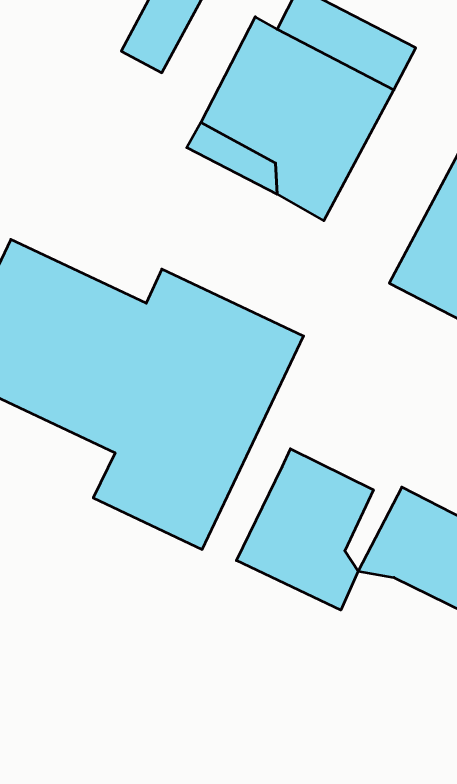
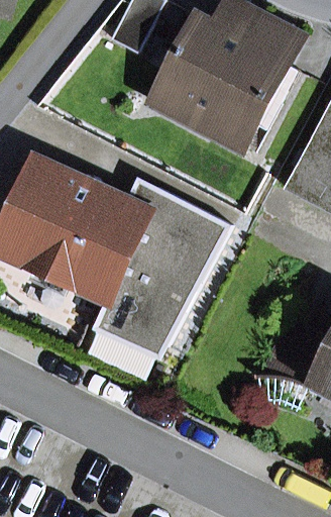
building: [236,449,373,610] -> none

